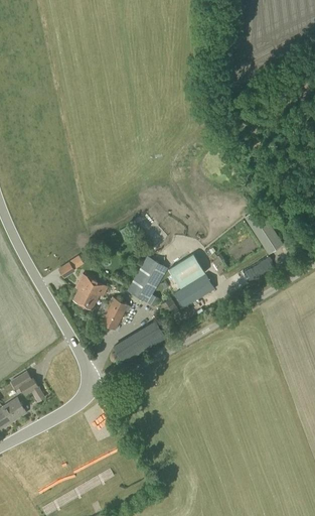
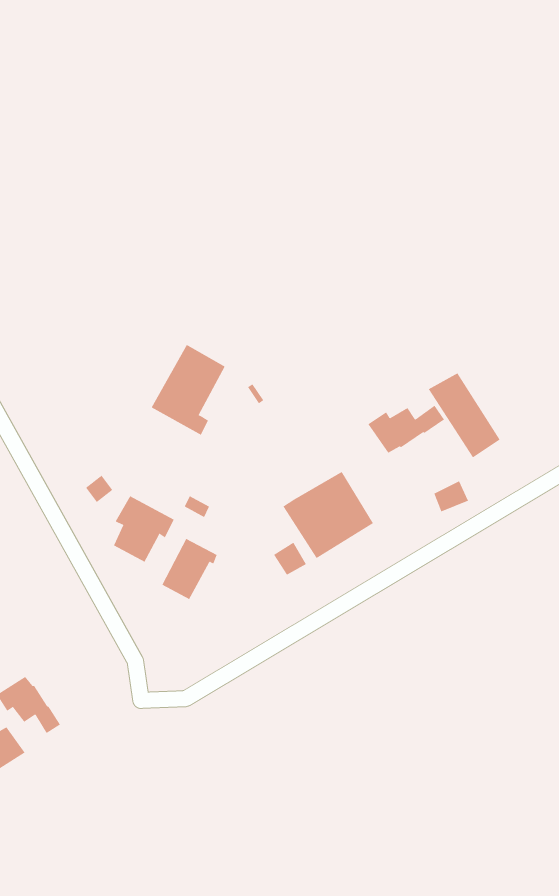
building: none -> [367,405,445,453]
building: [127,256,167,305] -> [151,344,225,435]
building: [112,319,166,364] -> none

